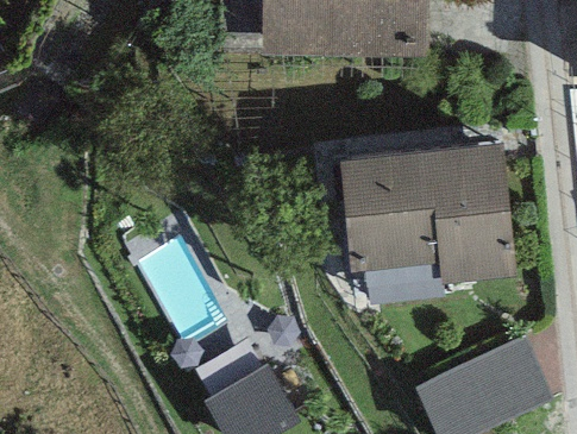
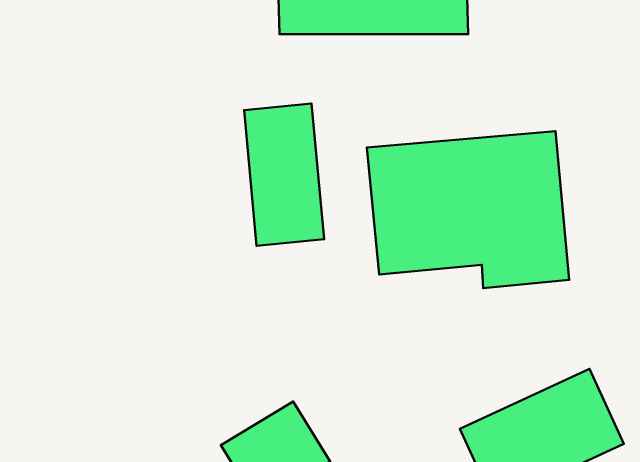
building: none -> [244,104,324,246]

